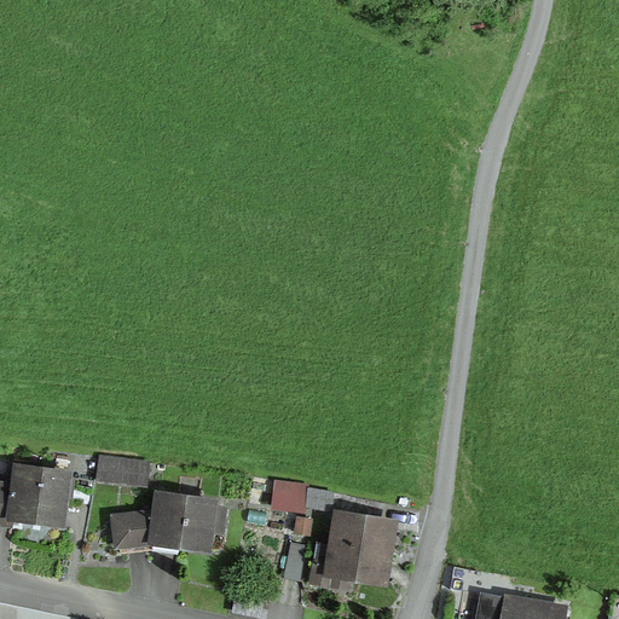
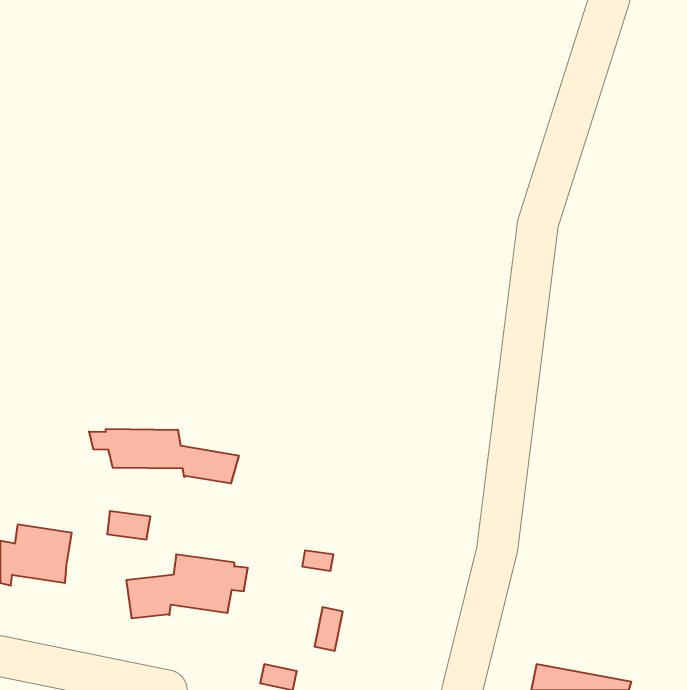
building: none -> [89,429,239,484]
building: [314,519,391,588] -> none

